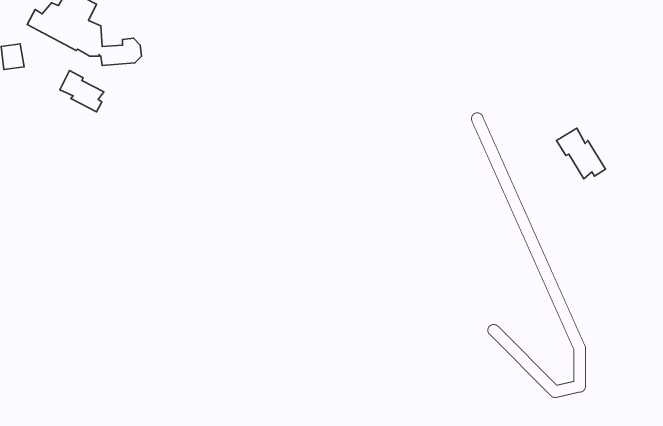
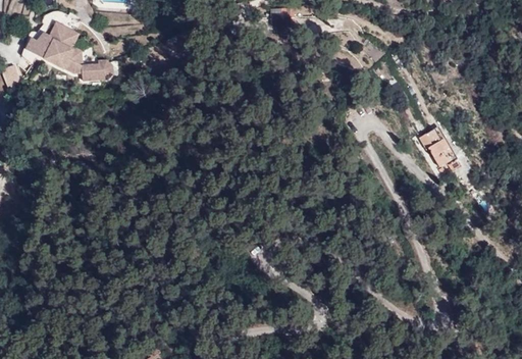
building: [60,71,104,112] -> none

